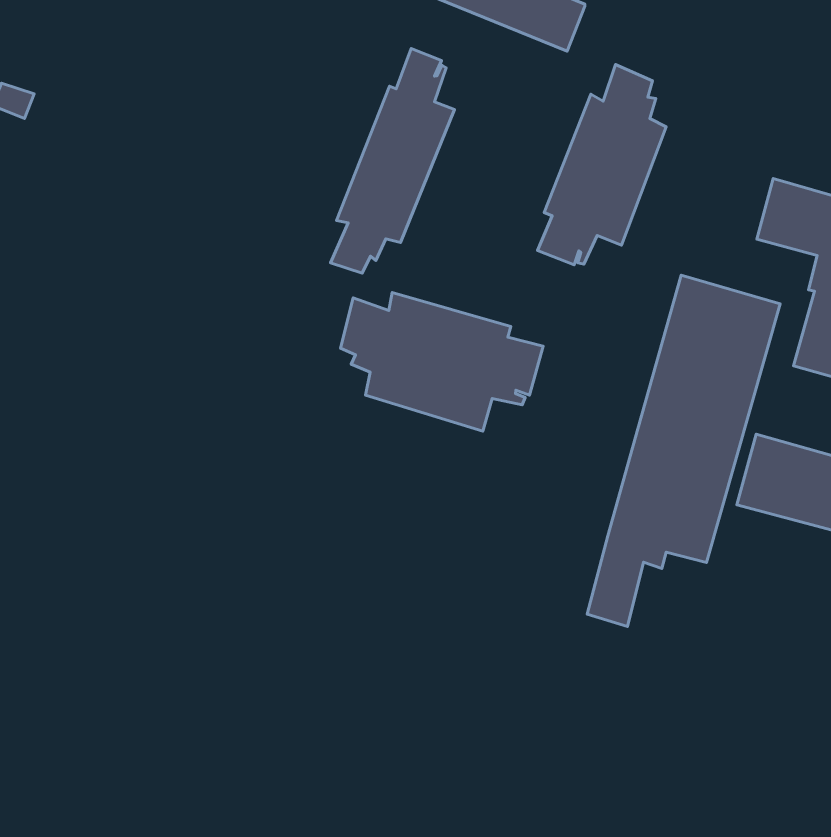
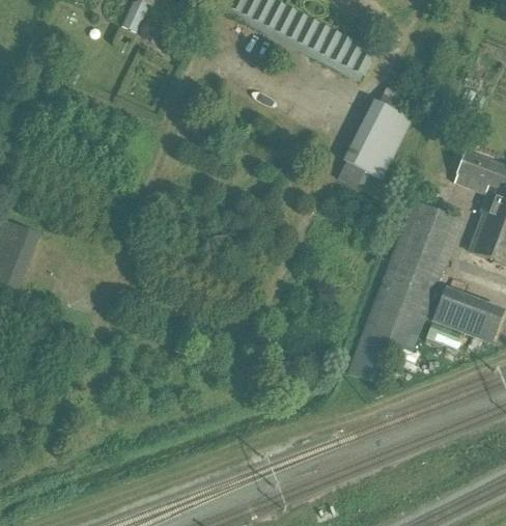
building: [331,49,455,273] -> none
building: [341,293,543,431] -> none

